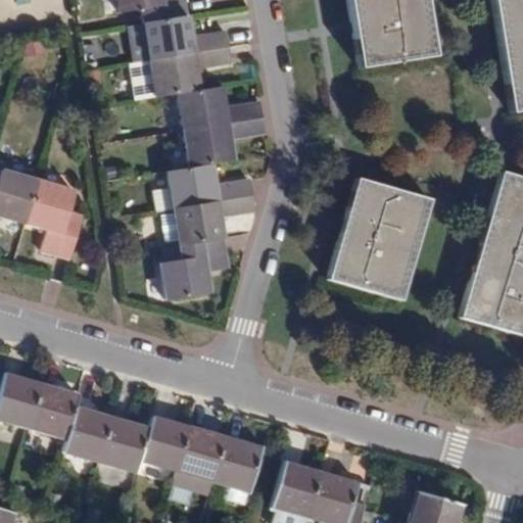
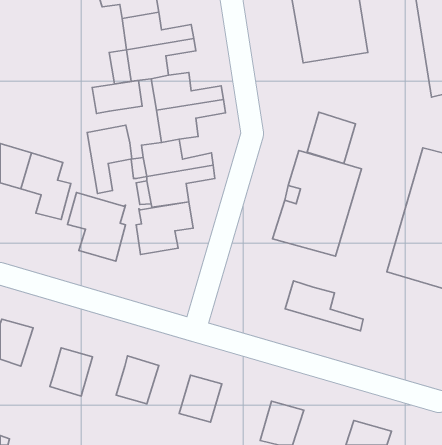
building: none -> [92,80,142,113]
building: none -> [307,112,356,164]
building: none -> [87,125,132,193]
building: none -> [67,192,126,261]
building: none -> [285,281,363,331]
building: [30,383,81,439] -> none
building: [100,417,151,473] -> none
building: [177,427,228,483] -> none
building: [273,459,323,515] -> none

